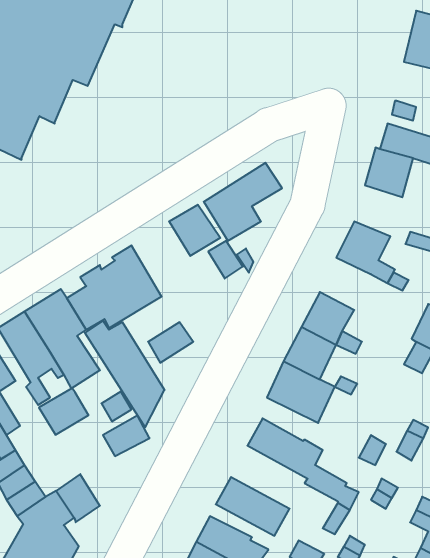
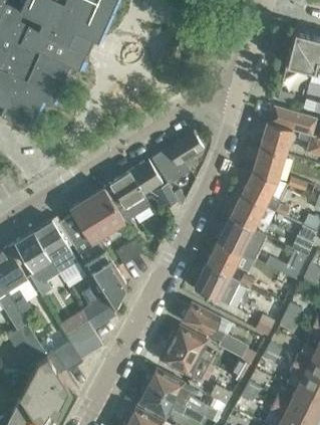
building: none -> [252,148,284,182]
building: none -> [103,172,149,222]
building: none -> [229,196,263,231]
building: [39,388,89,435] -> [68,326,101,357]
building: none -> [170,326,213,364]

